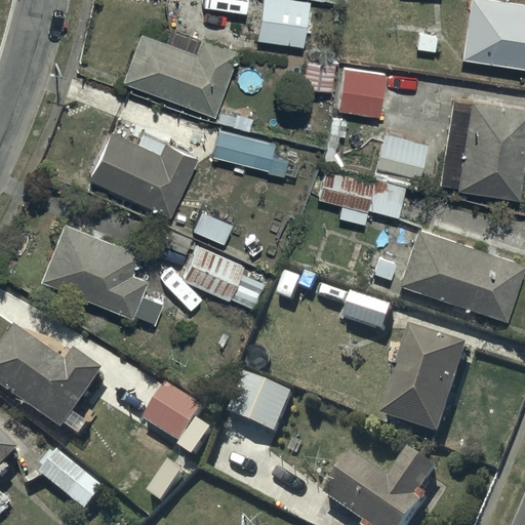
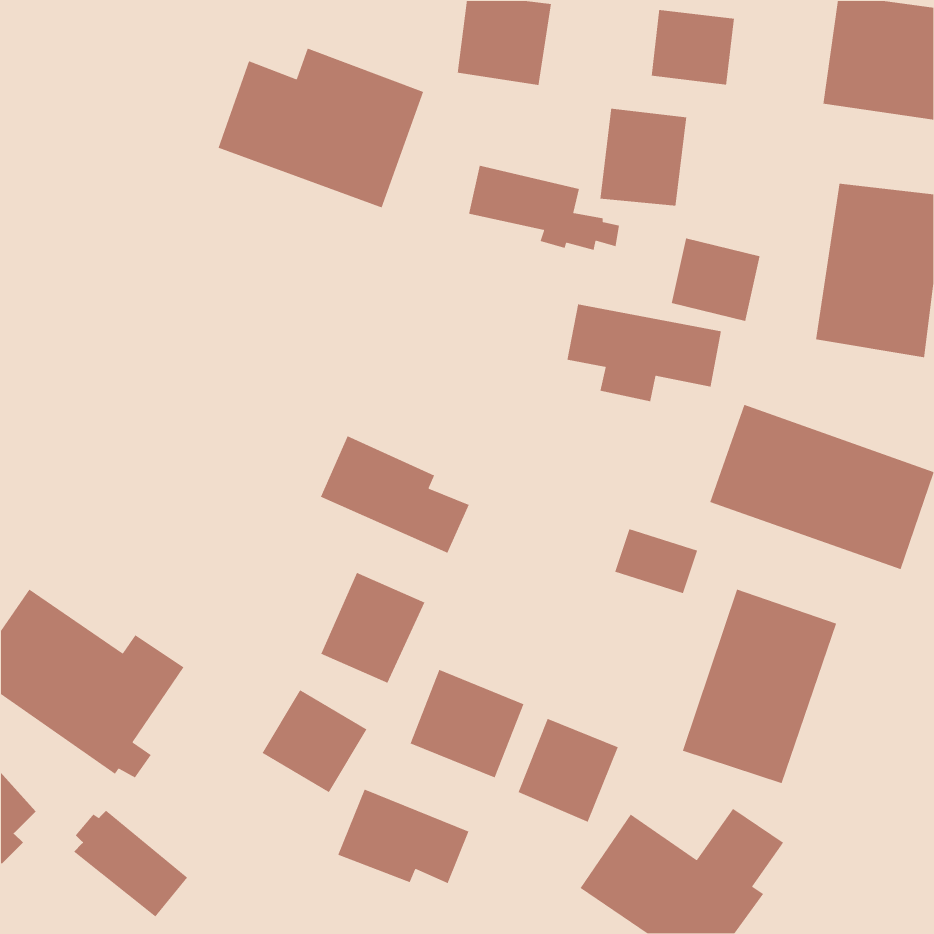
building: none -> [651,9,735,85]
building: [86,129,198,218] -> none
building: [212,130,297,178] -> [468,165,620,251]
building: [39,221,162,324] -> none
building: none -> [320,572,425,684]
building: none -> [517,718,619,823]
building: none -> [337,788,470,884]

